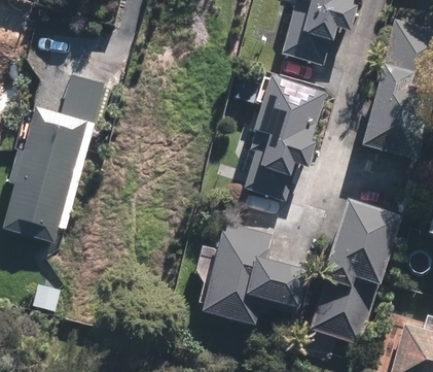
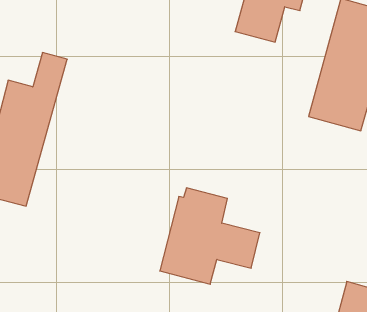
building: [243,74,326,201] -> none
building: [311,199,401,343] -> none

